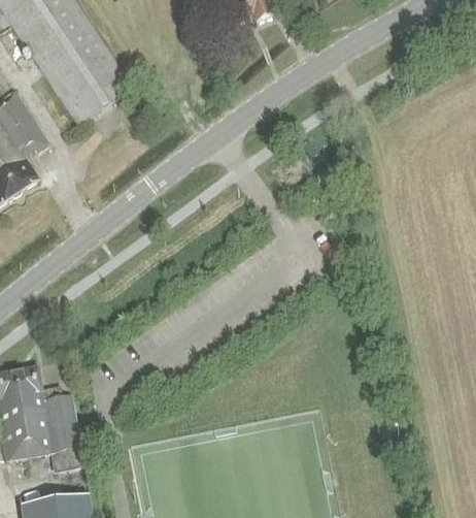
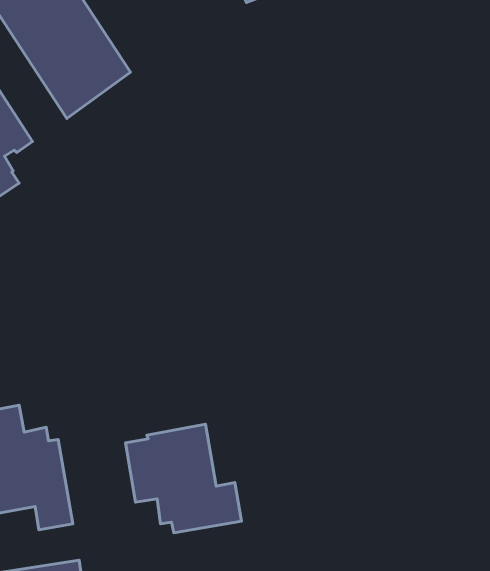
building: none -> [126,424,241,533]

